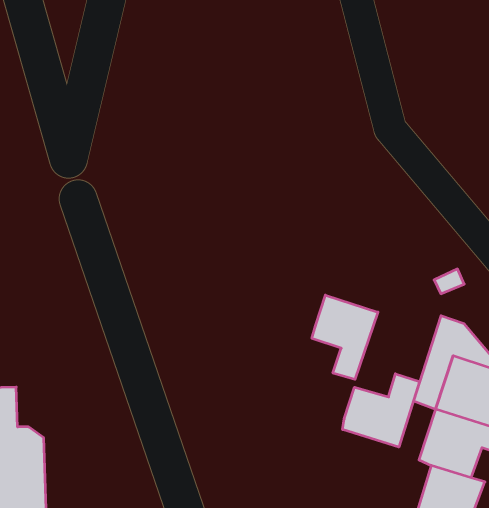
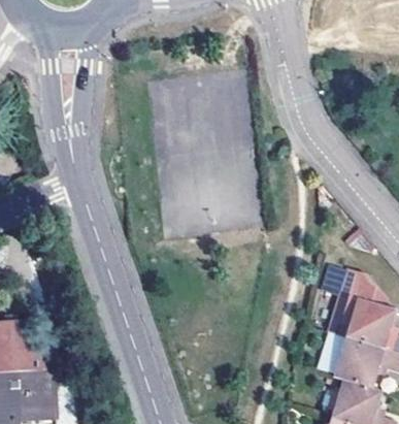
building: [312,295,378,379] -> none
building: [343,374,420,447] -> none

